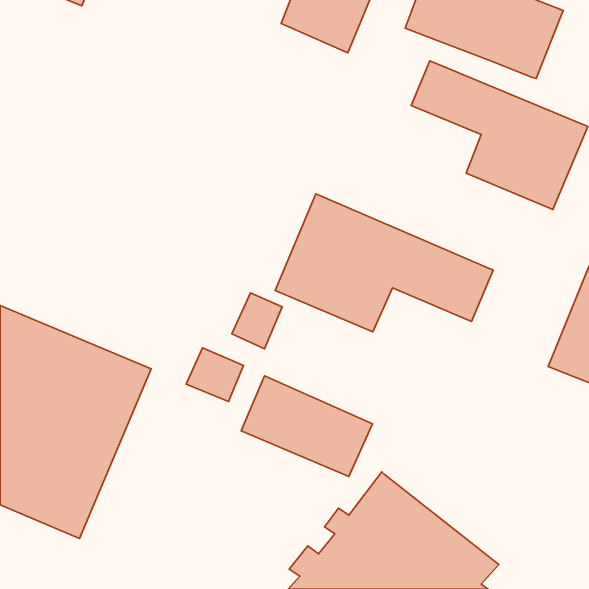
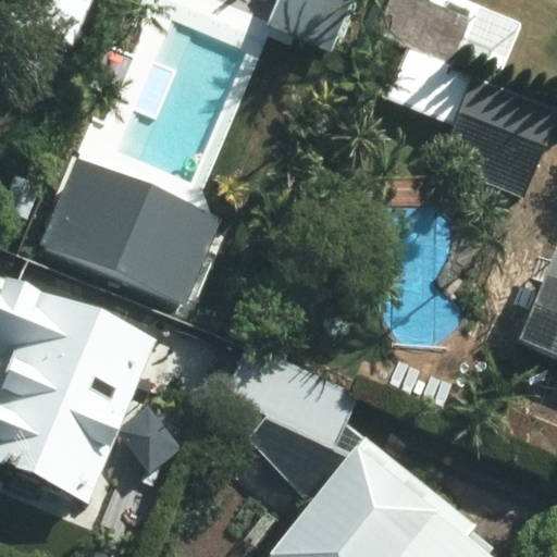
building: none -> [71,171,198,292]
building: [275,194,493,332] -> none

